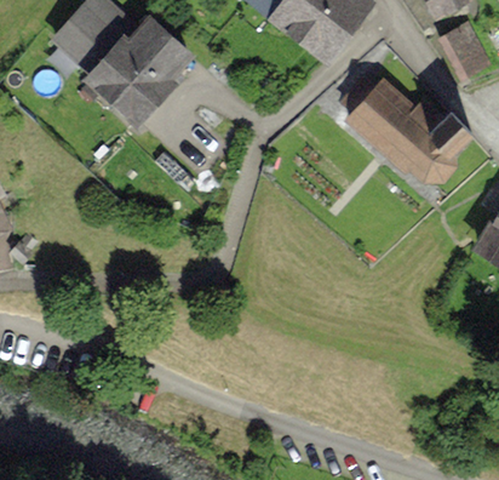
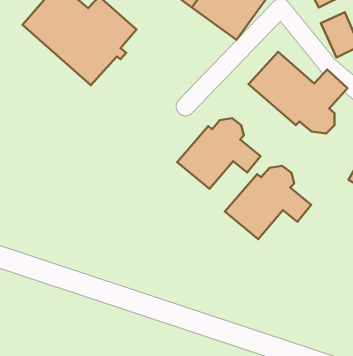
building: none -> [177,118,260,189]
building: none -> [225,166,311,239]

